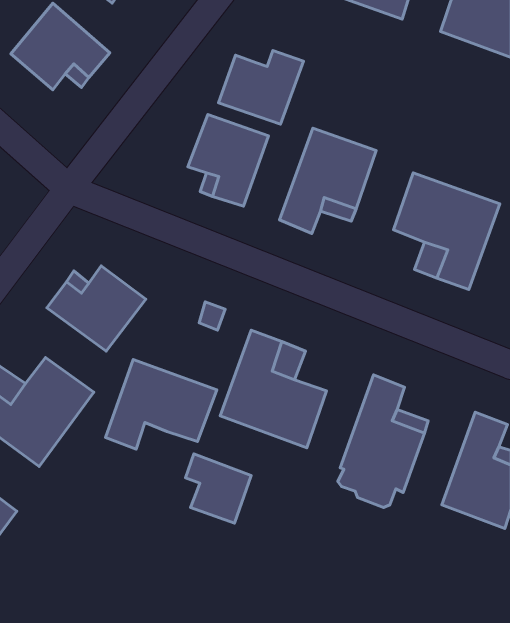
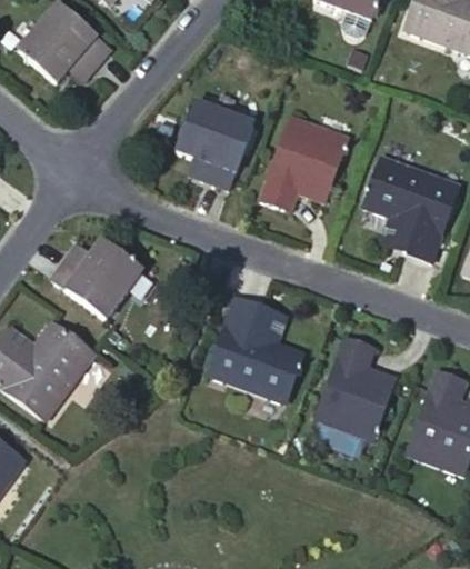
building: [219,51,304,124] -> none
building: [105,360,217,449] -> none
building: [185,454,251,523] -> none

